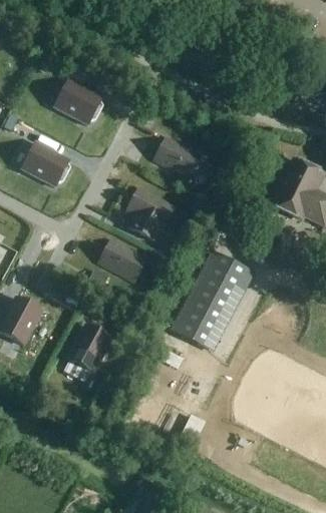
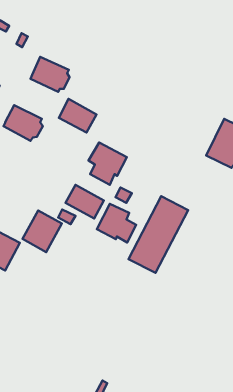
building: [154,135,201,176] -> [59,99,96,132]
building: none -> [97,204,136,243]
building: [67,321,115,372] -> [22,210,62,252]

